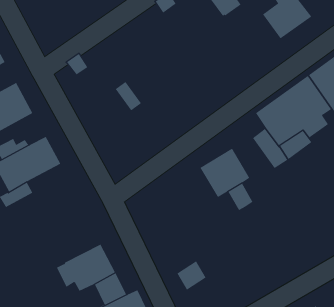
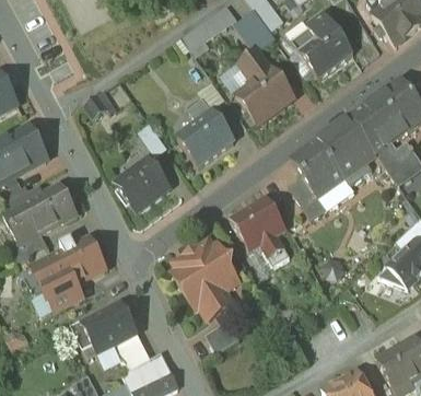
building: none -> [237,50,294,123]
building: none -> [177,100,235,165]
building: none -> [115,156,171,211]
building: none -> [33,237,106,311]
building: none -> [174,241,235,318]

